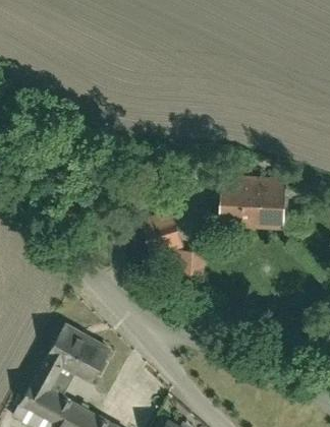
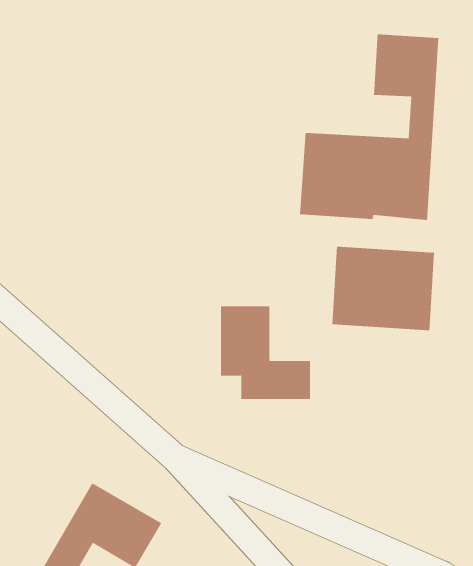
building: none -> [299,34,439,221]

